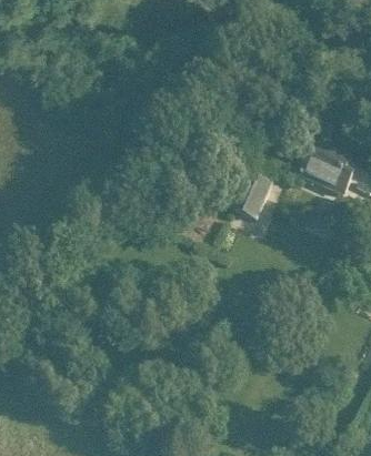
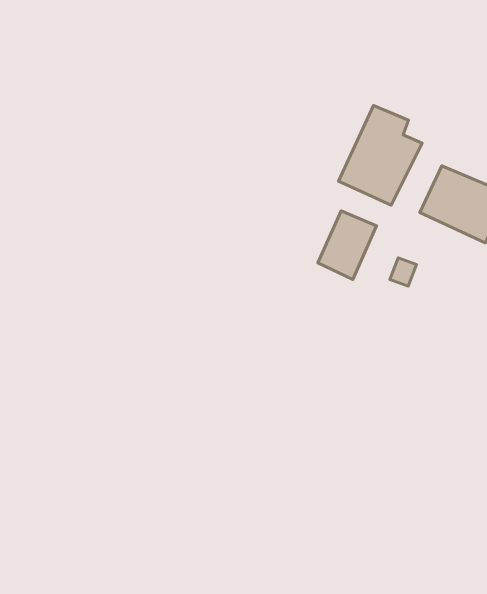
building: none -> [339,106,422,205]

